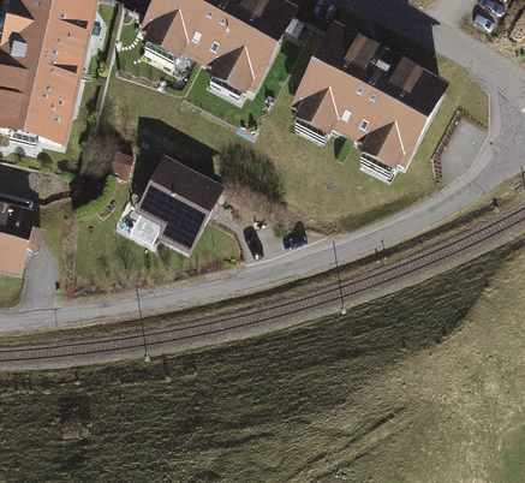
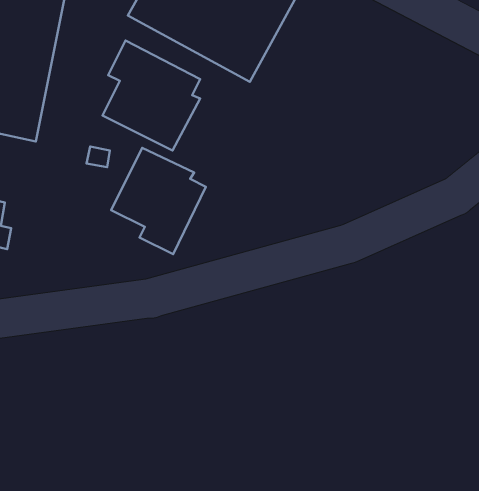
building: [297,35,441,166] -> none
building: none -> [103,41,200,150]

